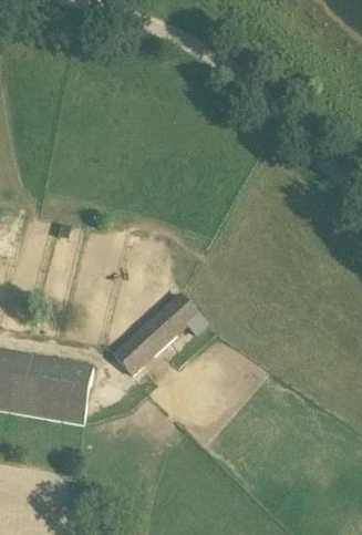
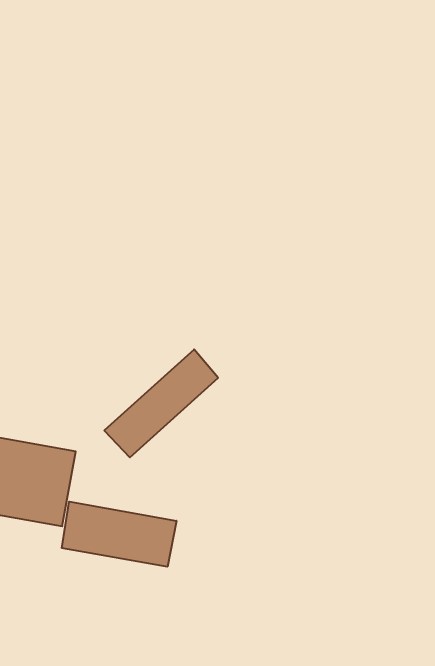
building: none -> [62,502,176,567]

